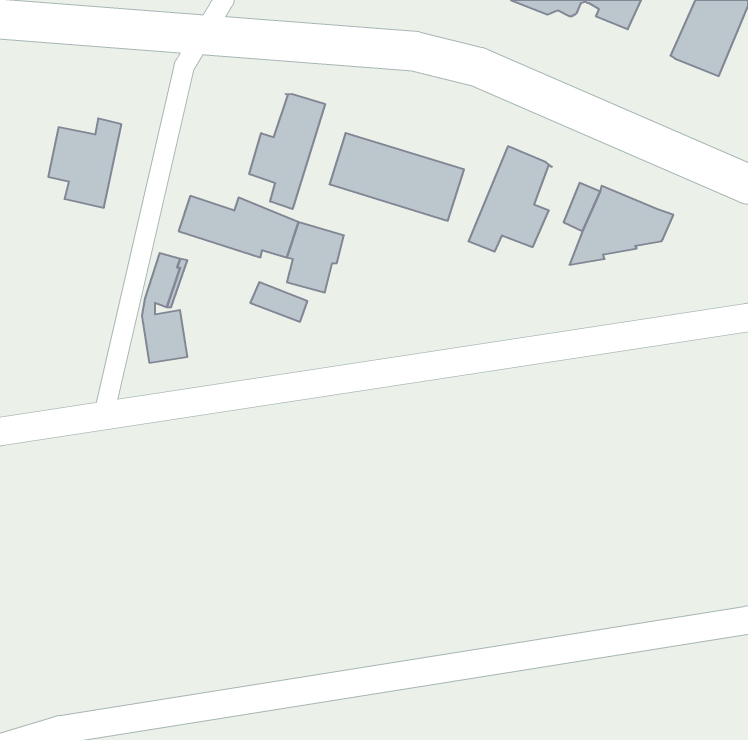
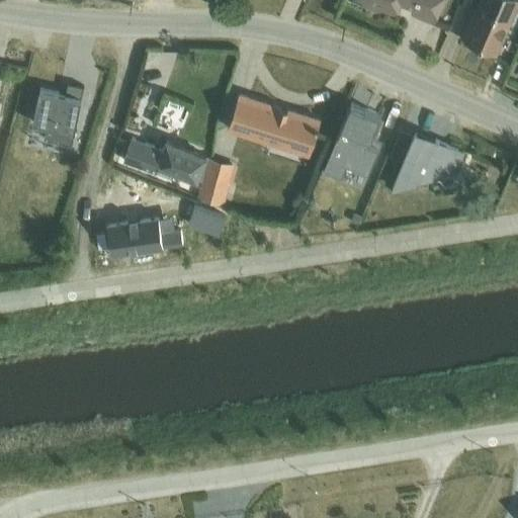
building: [249,94,325,209] -> none
building: none -> [131,219,176,251]

